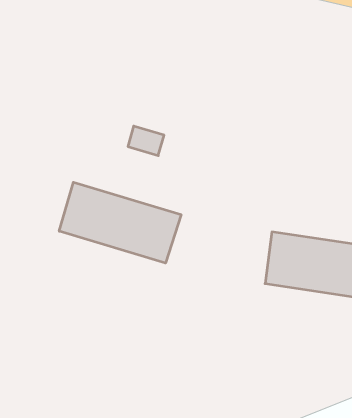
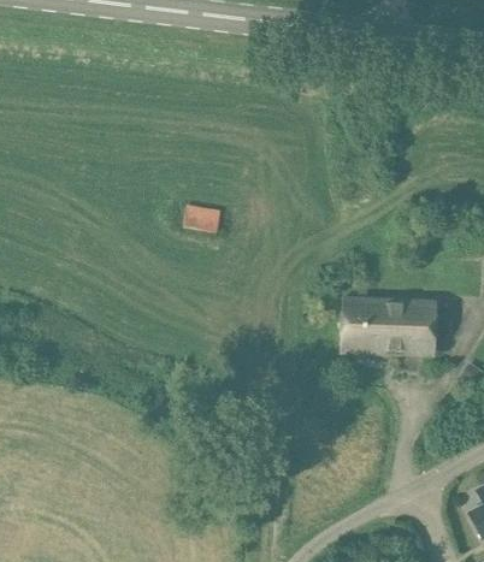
building: [59,182,181,263] -> none

